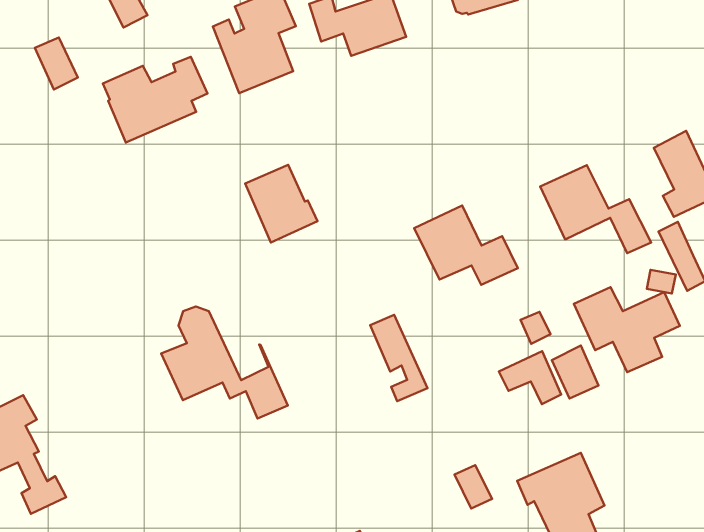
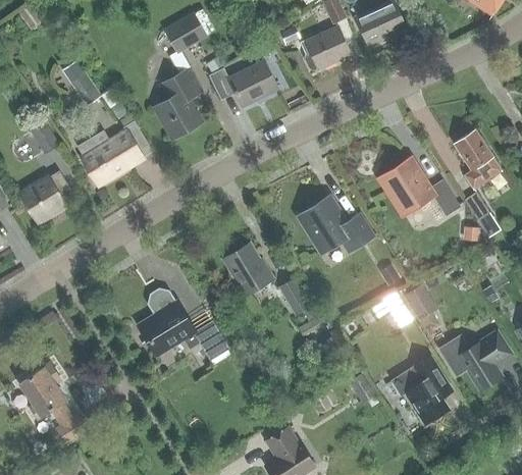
building: none -> [21,171,71,222]
building: [245,165,317,243] -> [222,243,274,297]
building: [574,287,680,372] -> [437,332,511,389]

